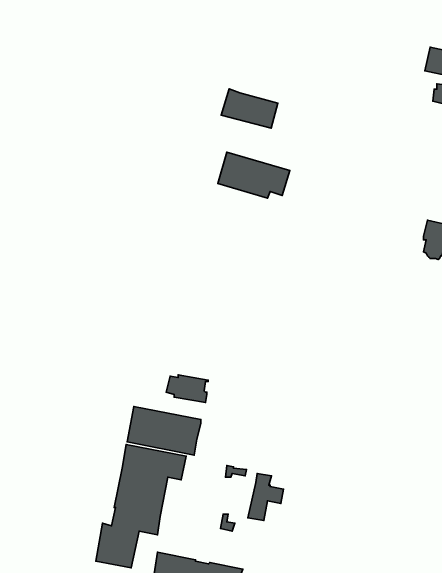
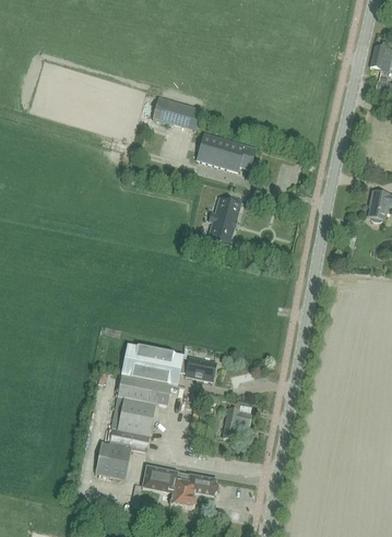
building: [221,89,278,128] -> [153,96,200,129]
building: none -> [209,196,240,242]
building: [166,375,208,403] -> [180,357,215,380]

